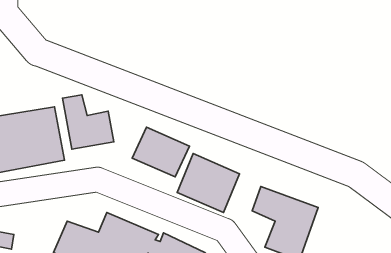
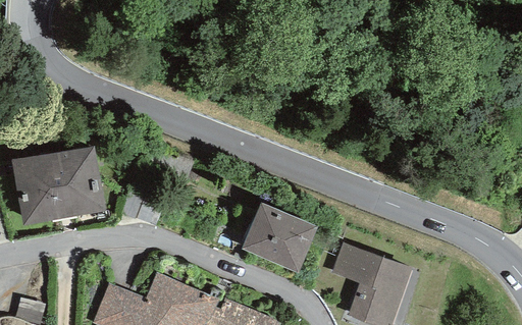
building: [62,95,114,149] -> none
building: [132,127,190,177] -> none

